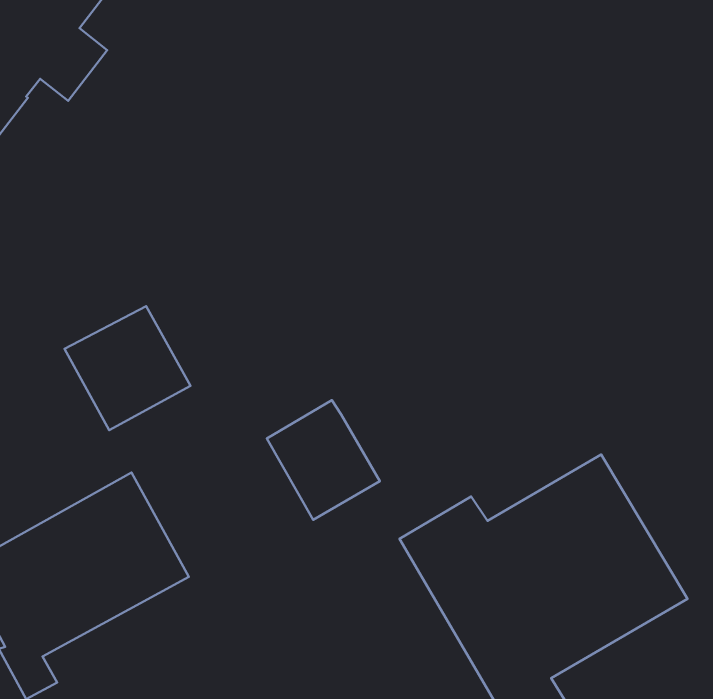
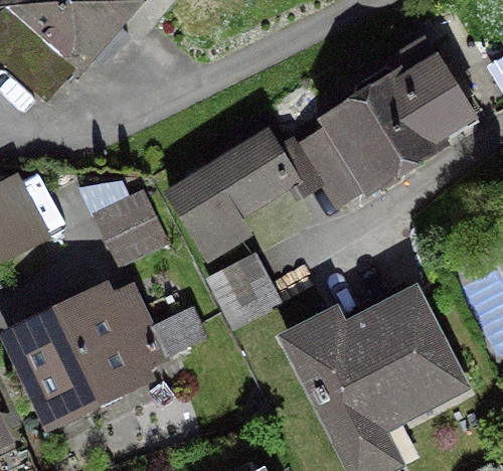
building: none -> [305,41,468,201]
building: none -> [170,140,286,255]

